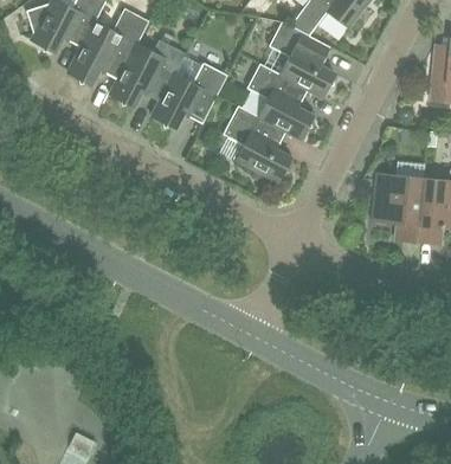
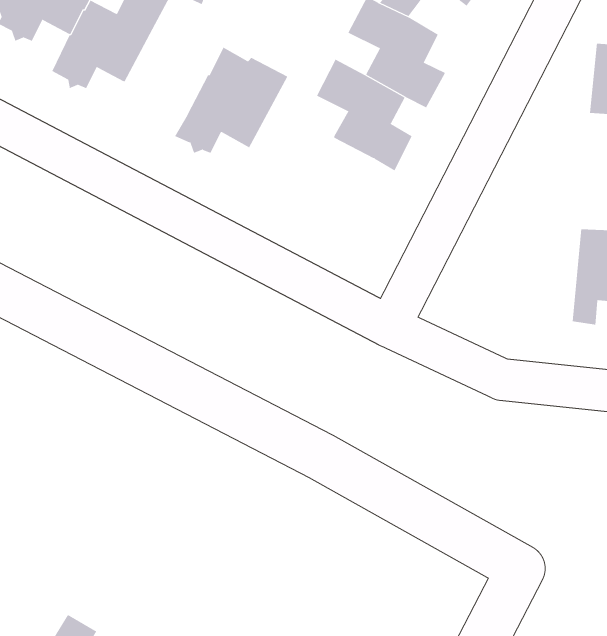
building: [109,38,185,105] -> none
building: [223,104,290,180] -> none
building: [373,173,425,240] -> none

